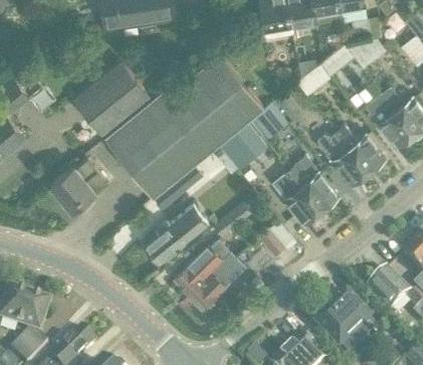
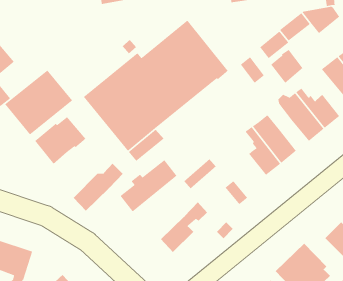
building: [73,60,149,133] -> [4,69,73,136]
building: [251,101,287,139] -> [270,49,303,84]
building: [218,123,261,160] -> none
building: [174,238,229,292] -> [73,163,123,212]

